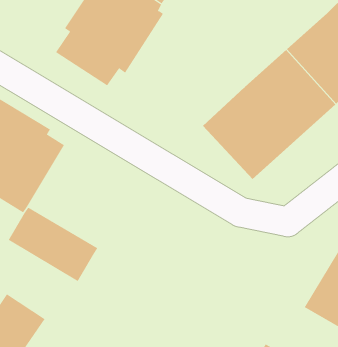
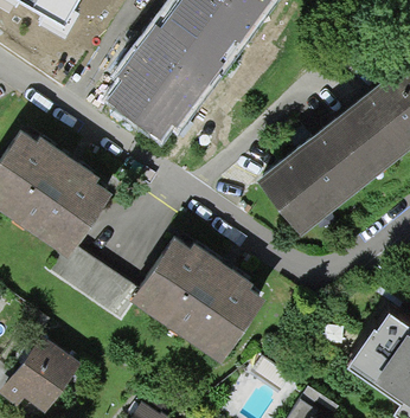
building: none -> [135,242,264,360]

